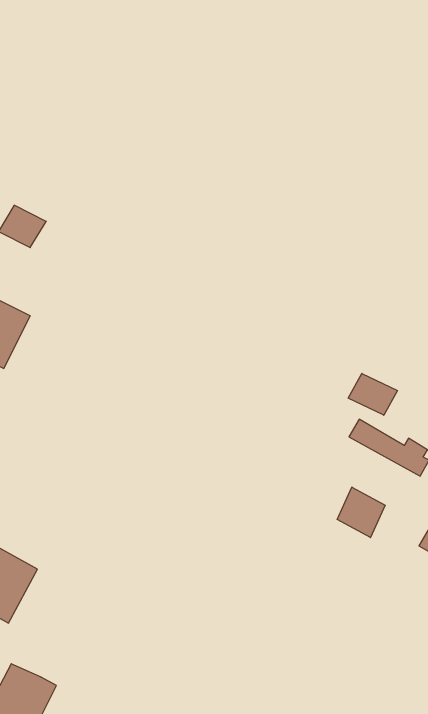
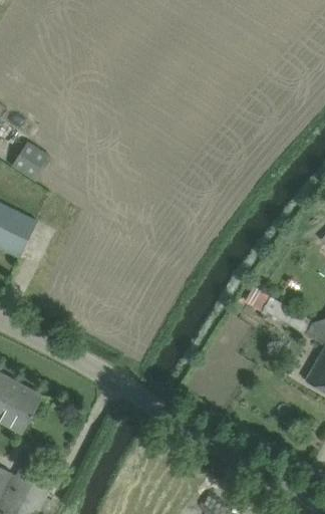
building: [348,373,397,415] -> none
building: [337,487,385,538] -> none

